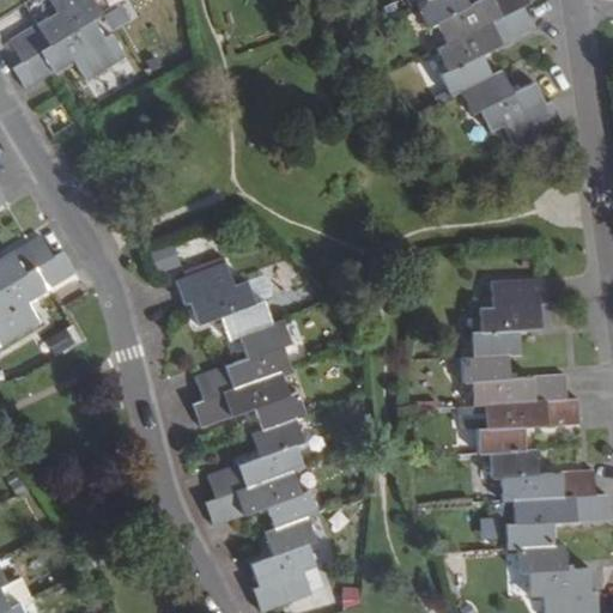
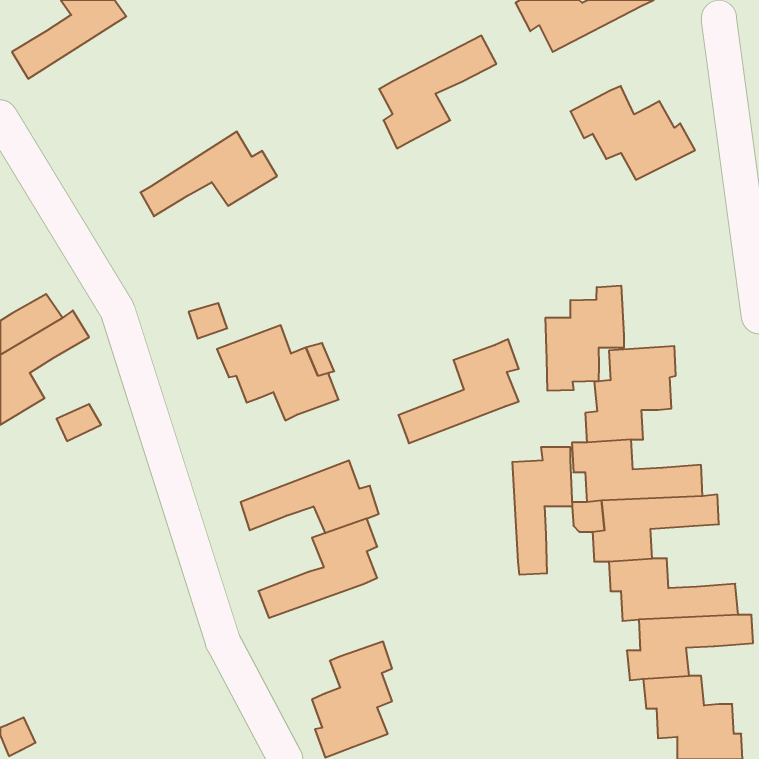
building: [435,5,529,96] -> [379,36,496,148]
building: [14,19,125,87] -> [140,132,277,216]
building: none -> [546,286,624,391]
building: [195,317,292,401] -> [398,339,519,443]
building: none -> [512,447,572,575]
building: [206,471,318,529] -> none

